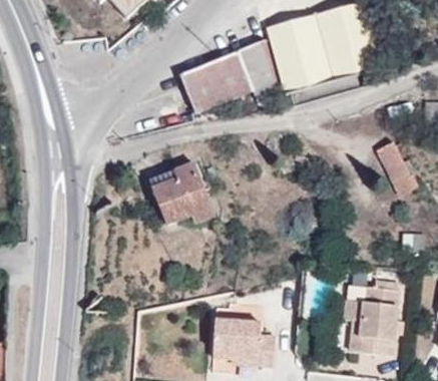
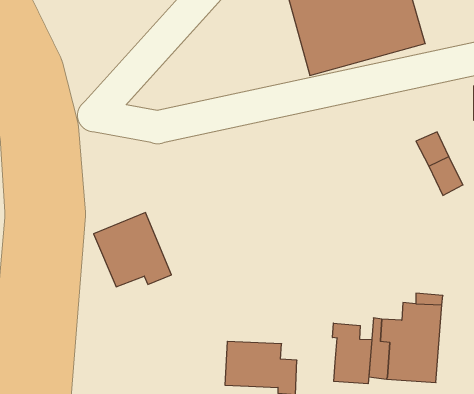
building: [179,38,280,110] -> none
building: [148,160,214,224] -> [94,213,171,287]
building: none -> [333,323,372,384]

